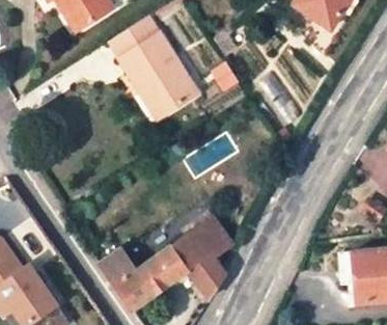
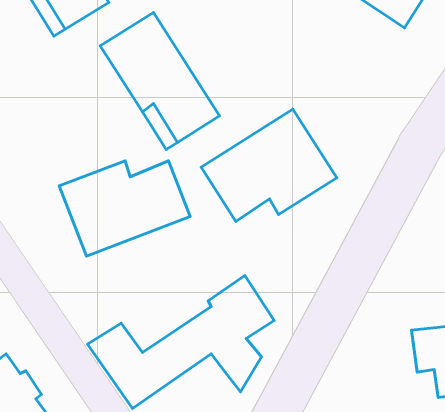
building: none -> [201,109,337,221]
building: none -> [59,161,190,256]

